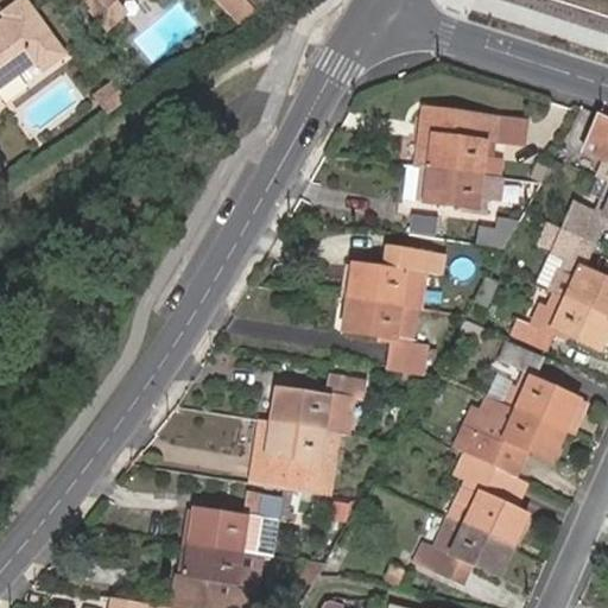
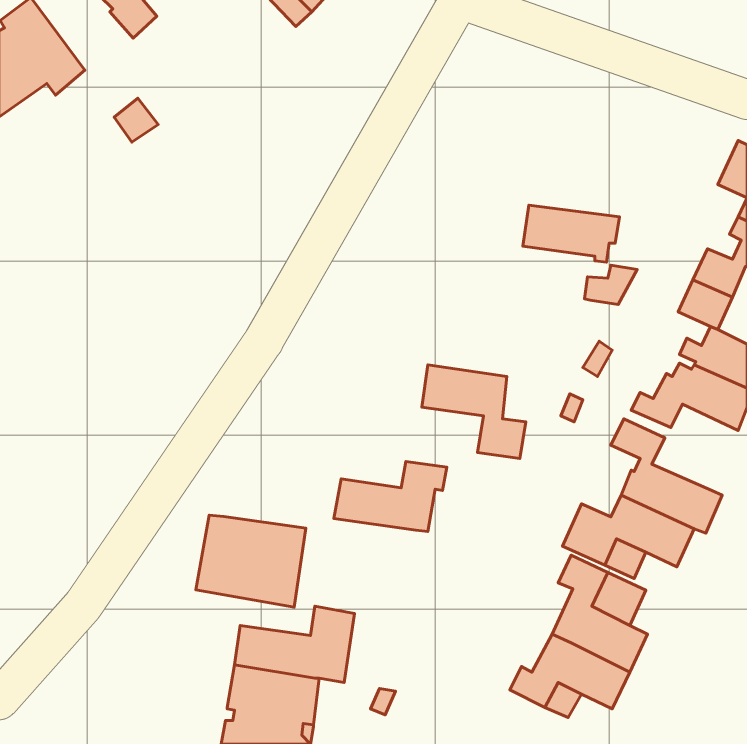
building: [416,106,524,176] -> none
building: [342,249,439,306] -> none
building: [248,419,337,494] -> [196,515,306,607]

